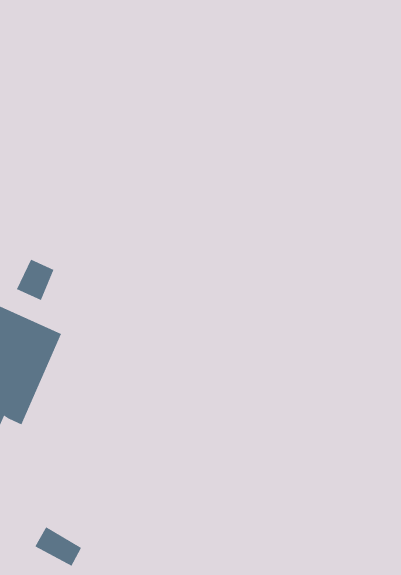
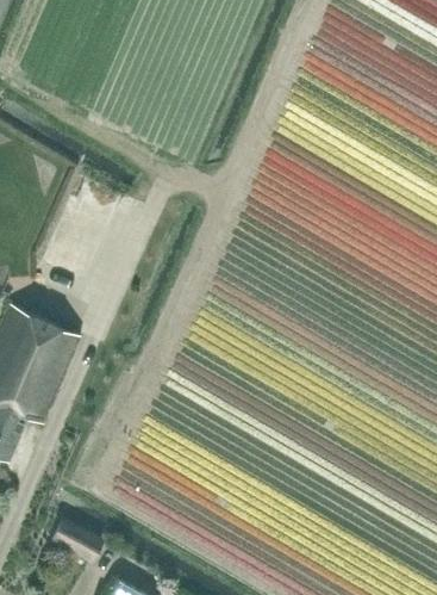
building: [16,259,54,301] -> none

